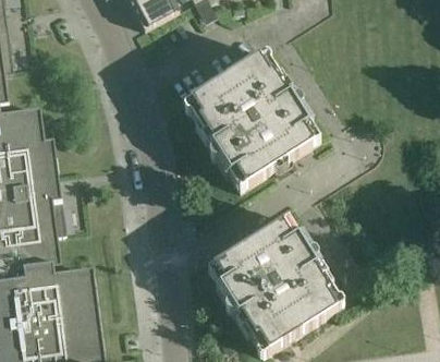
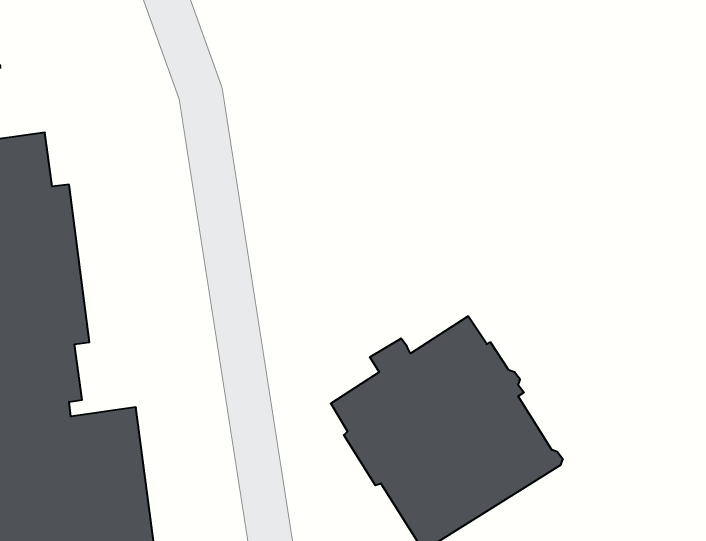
building: [183,49,319,188] -> none

